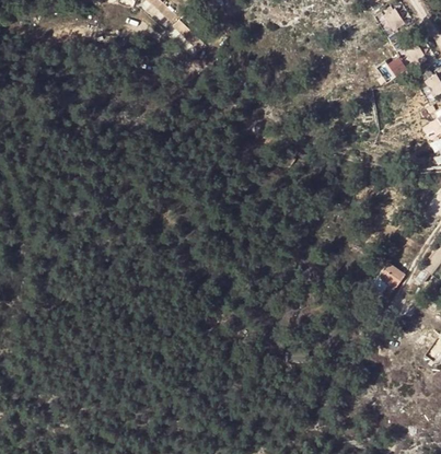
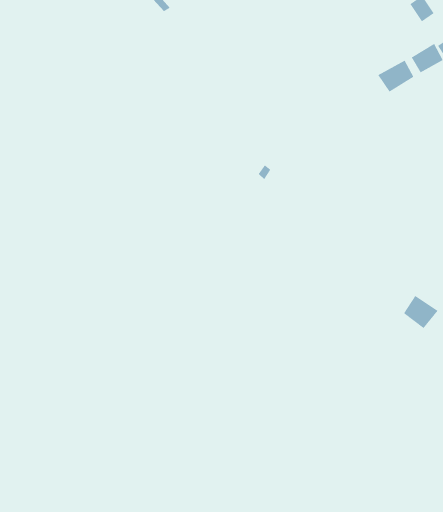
building: none -> [378,60,414,92]

